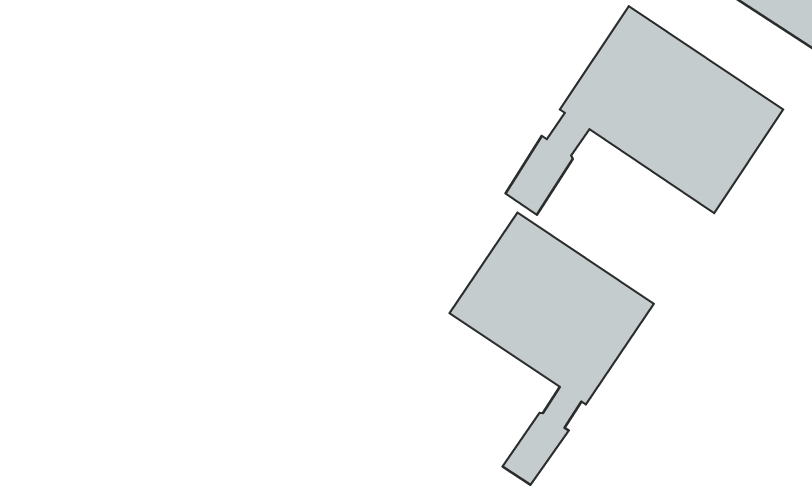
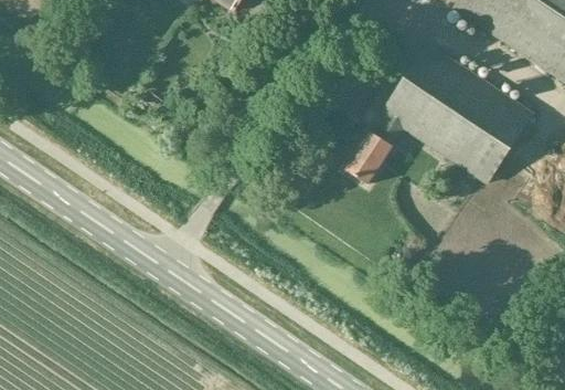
building: [450,212,654,485] -> none

